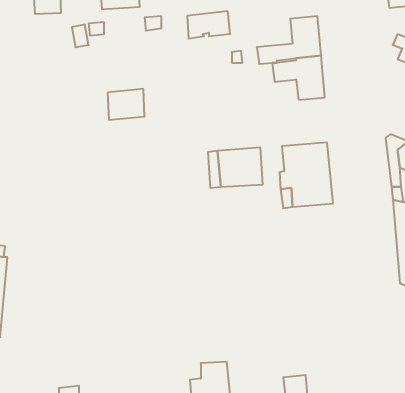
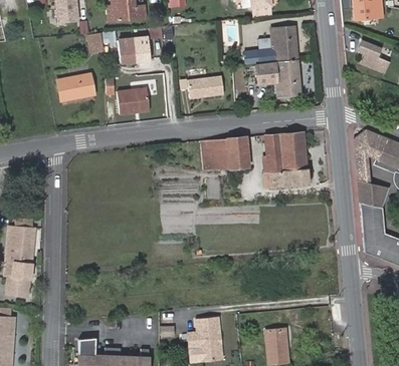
building: [187,11,230,39] -> [188,75,224,98]
building: none -> [118,38,149,63]
building: none -> [57,73,94,101]

